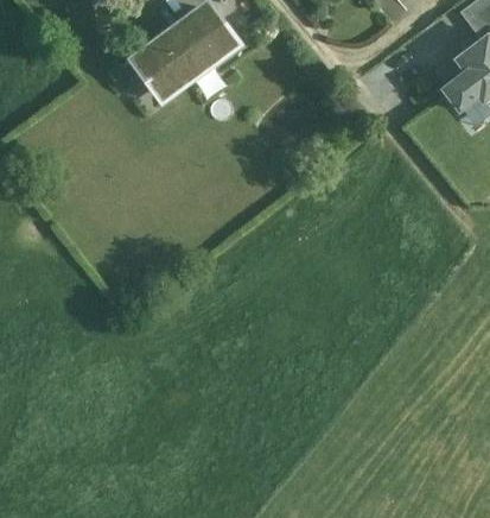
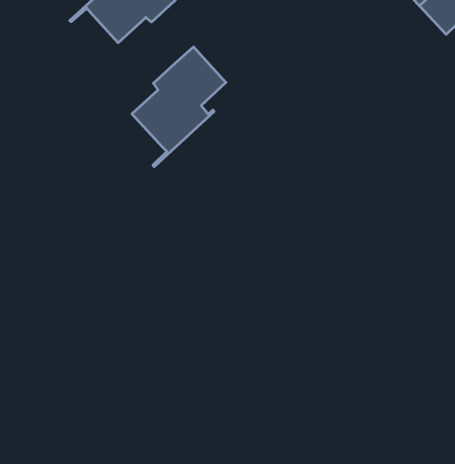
building: none -> [132,47,226,167]

